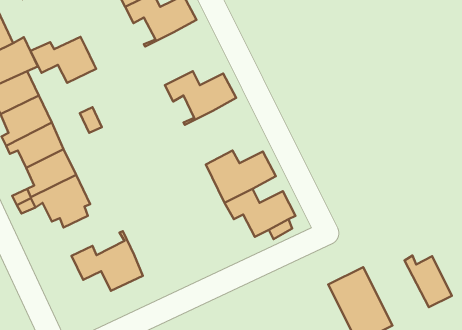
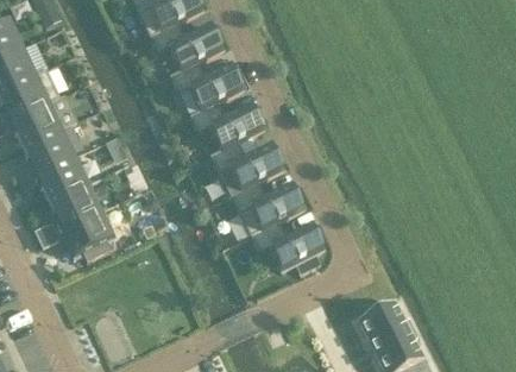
building: none -> [170,61,243,114]
building: [30,37,96,83] -> none
building: none -> [210,140,283,195]
building: [72,231,143,291] -> none
building: [404,256,452,307] -> none

